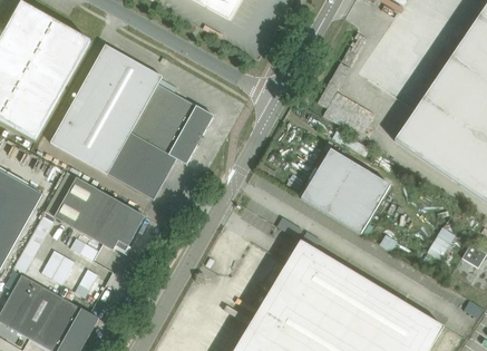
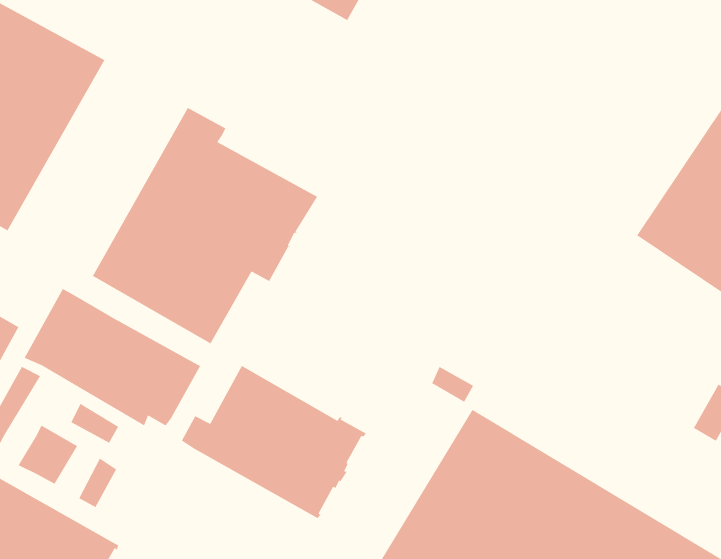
building: [49,47,138,164] -> none
building: [301,149,390,234] -> none
building: none -> [181,365,367,519]

